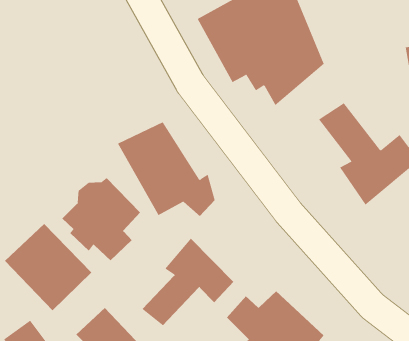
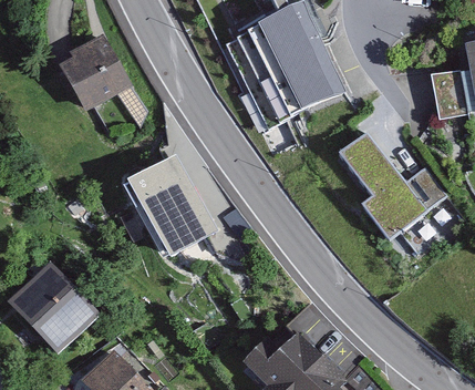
building: none -> [58,39,158,132]
building: [61,177,141,261] -> none
building: [142,238,234,326] -> none

